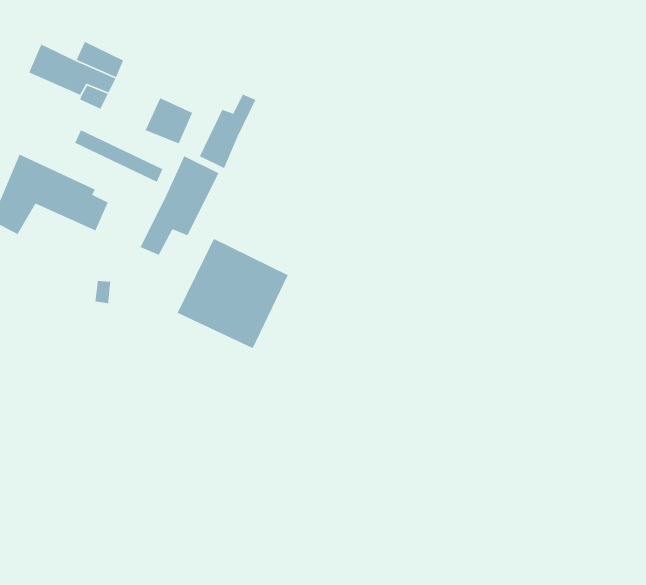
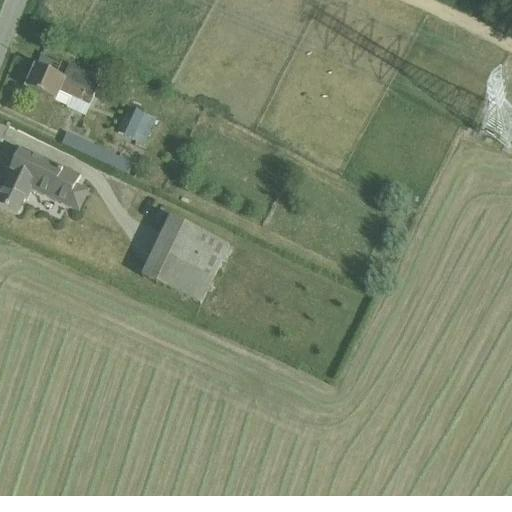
building: [199,94,257,169] -> none
building: [140,155,219,256] -> none

